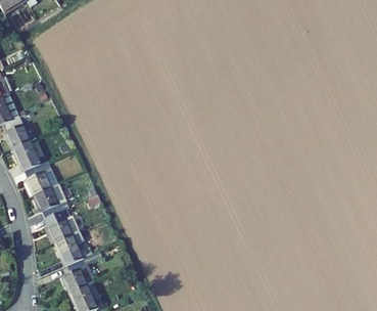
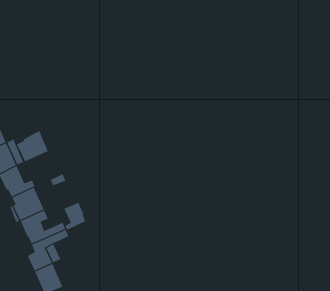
building: none -> [16,130,48,162]
building: none -> [64,202,86,230]

